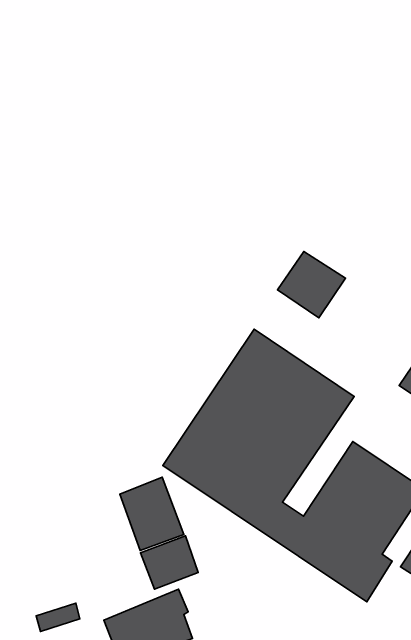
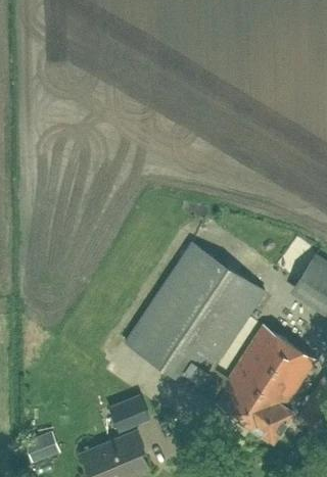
building: [277,251,345,318] -> none
building: [120,477,184,551] -> none

